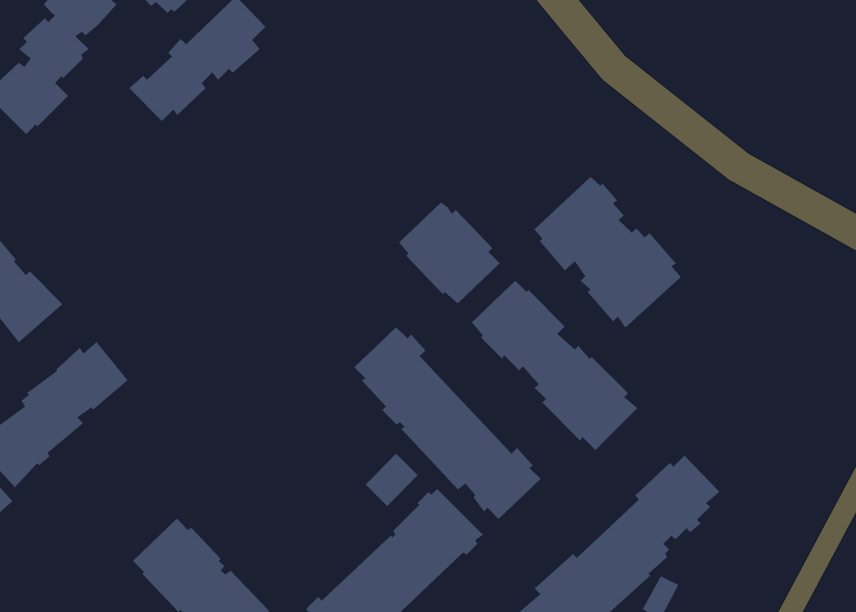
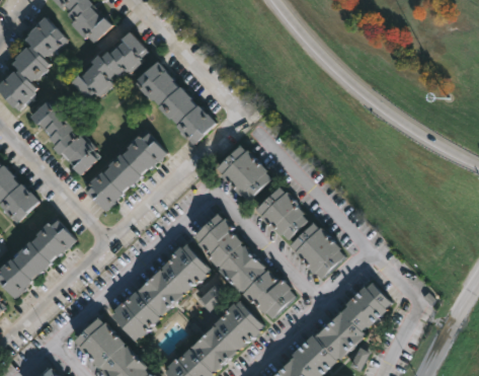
building: none -> [130,61,213,142]
building: none -> [27,100,95,176]
building: [534,176,682,329] -> none
building: none -> [84,133,165,211]
building: none -> [110,243,212,342]

